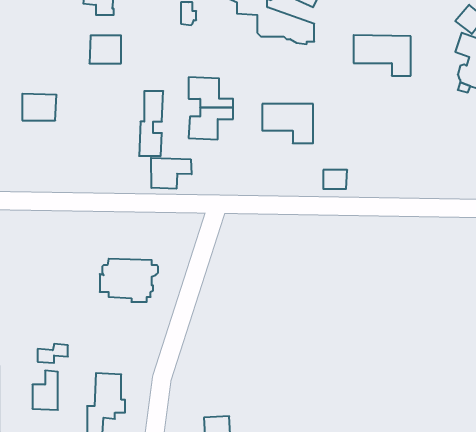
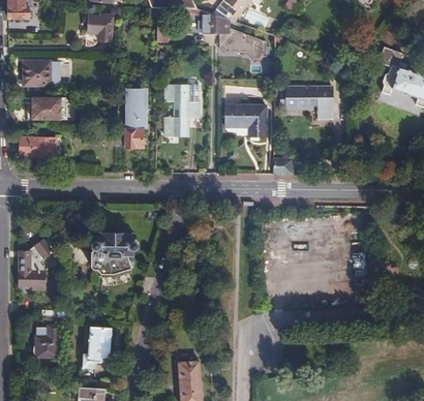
building: [354,35,411,76] -> [287,90,334,123]
building: [89,35,121,63] -> [31,61,57,84]
building: none -> [20,138,56,158]
building: [151,158,192,189] -> none
building: none -> [18,236,60,291]

